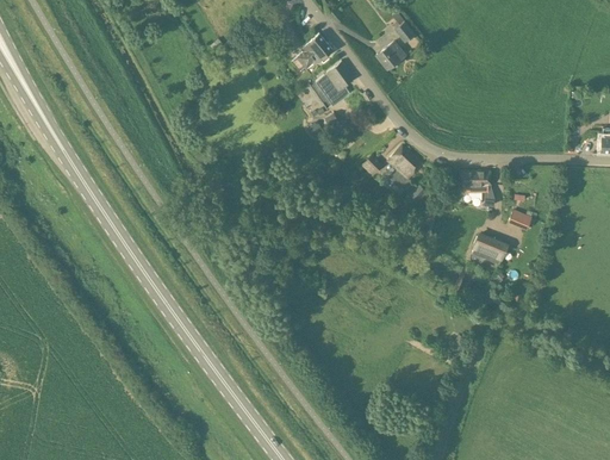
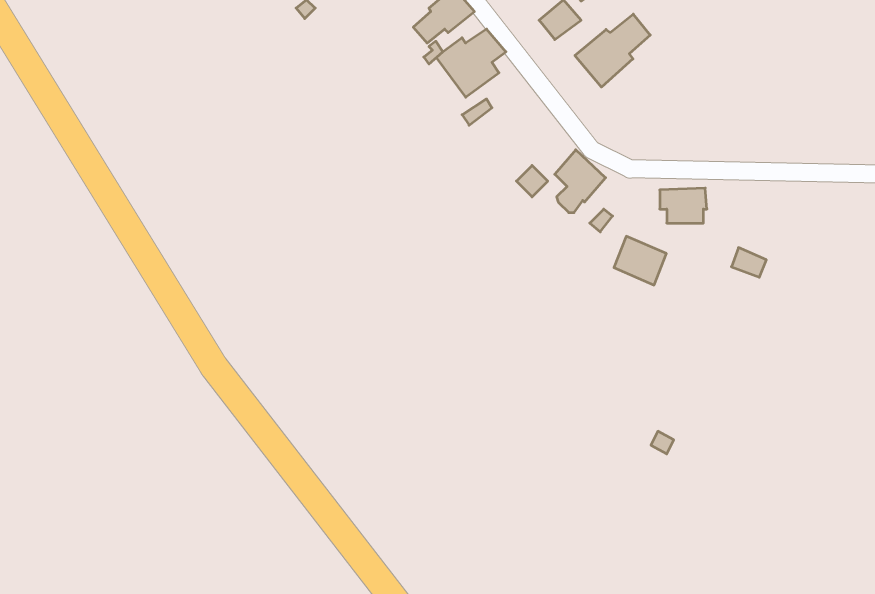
building: none -> [575,14,650,87]
building: [472,231,508,265] -> [614,236,666,285]

